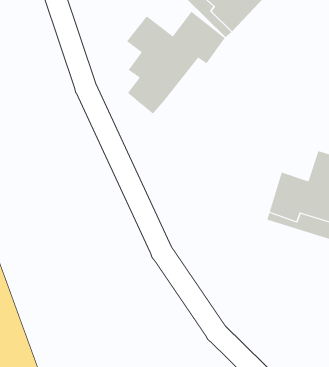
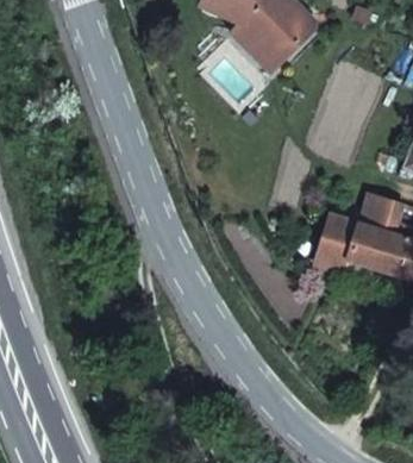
building: [126,11,225,115] -> none

